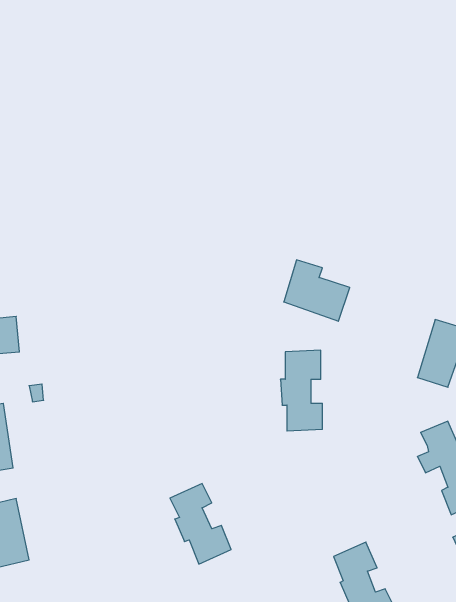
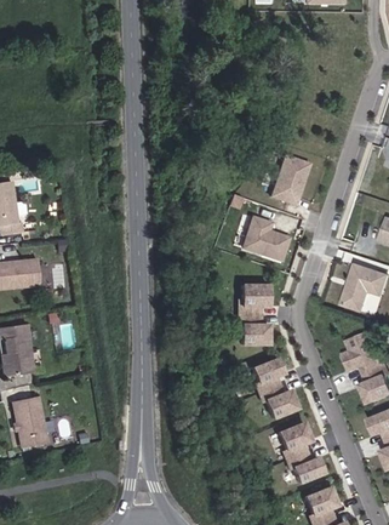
building: none -> [271,154,310,204]
building: [170,484,231,564] -> [250,365,296,426]

